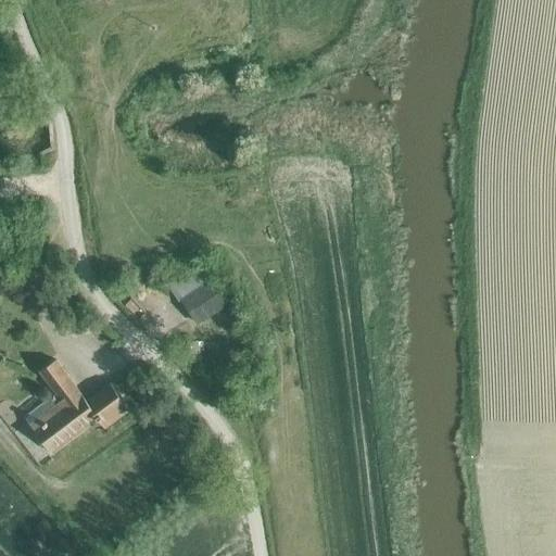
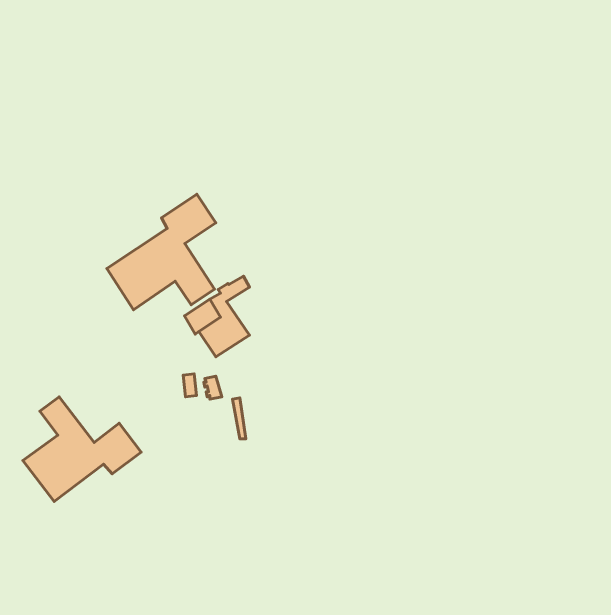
building: none -> [107,194,216,310]

